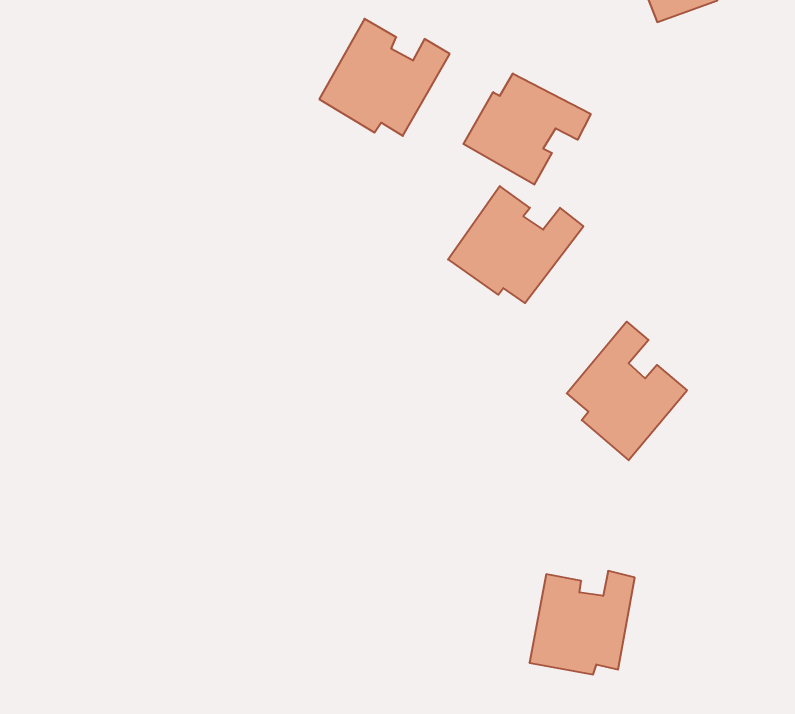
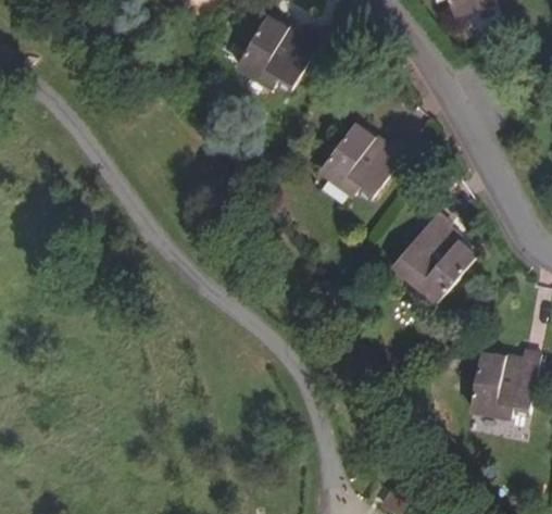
building: [463,73,591,185] -> none
building: [529,571,635,675] -> [469,350,538,417]

